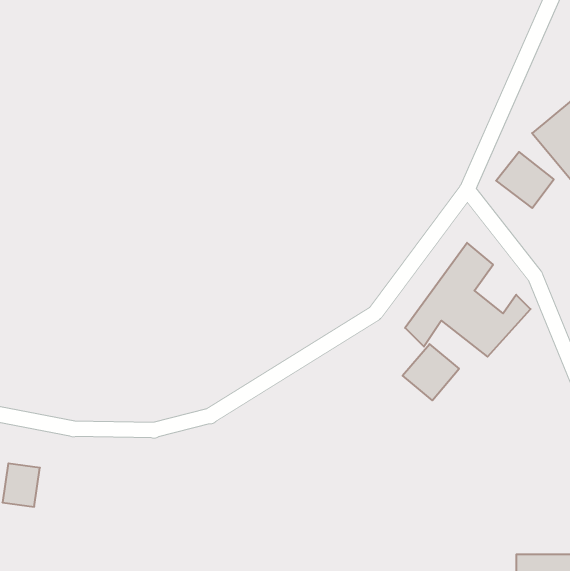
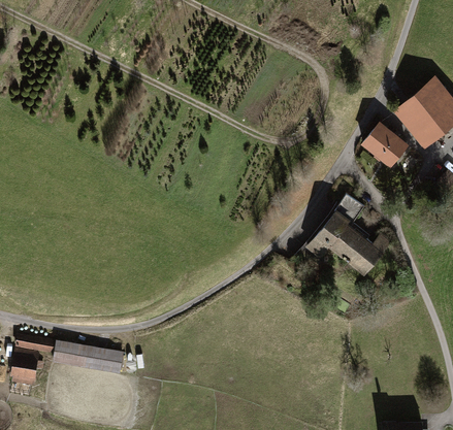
building: [403,344,459,400] -> none
building: none -> [17,331,126,372]

